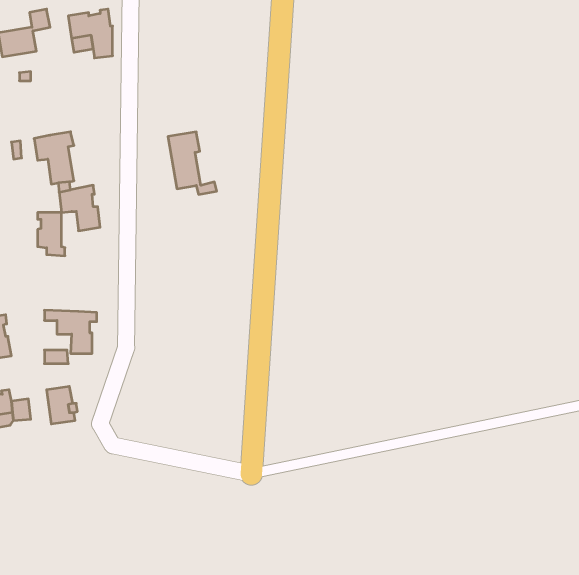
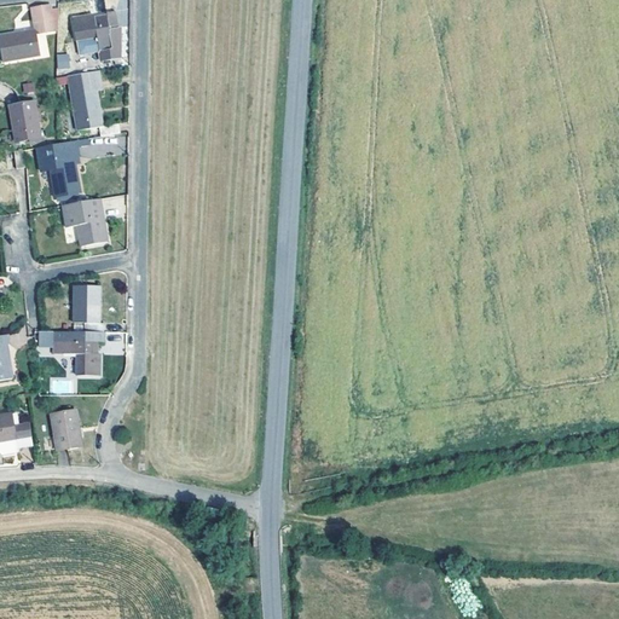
building: none -> [8,102,40,141]
building: [168,132,217,194] -> [68,70,120,137]
building: [38,213,65,256] -> [74,287,103,332]

